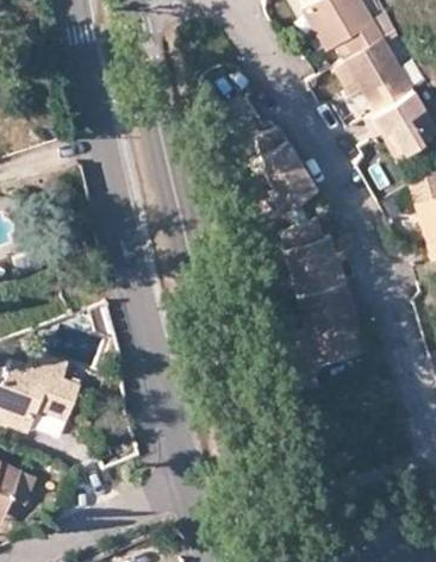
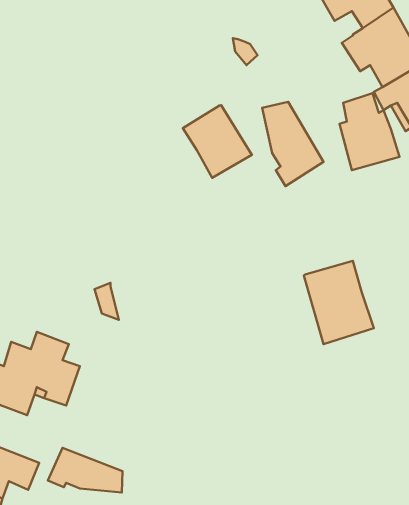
building: none -> [183,105,252,178]
building: [286,221,344,296] -> [339,93,400,170]
building: none -> [48,448,122,493]

